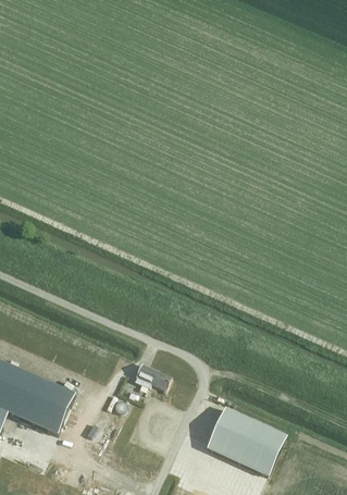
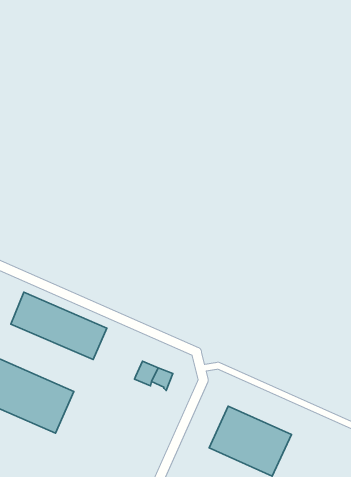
building: none -> [11,292,107,360]

